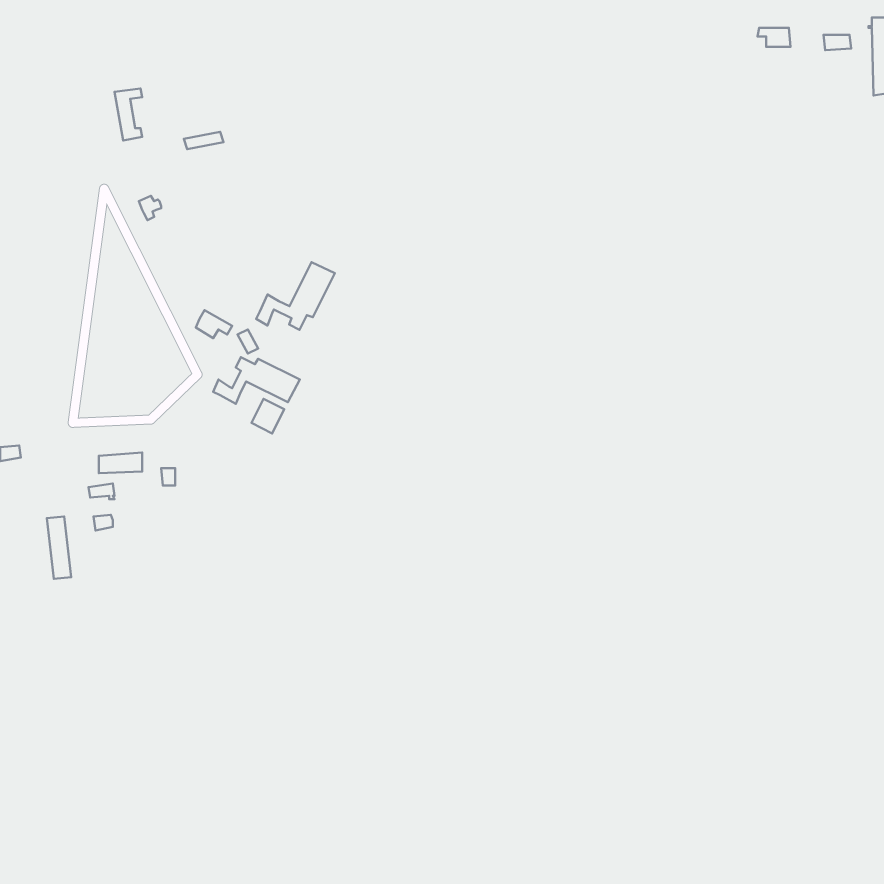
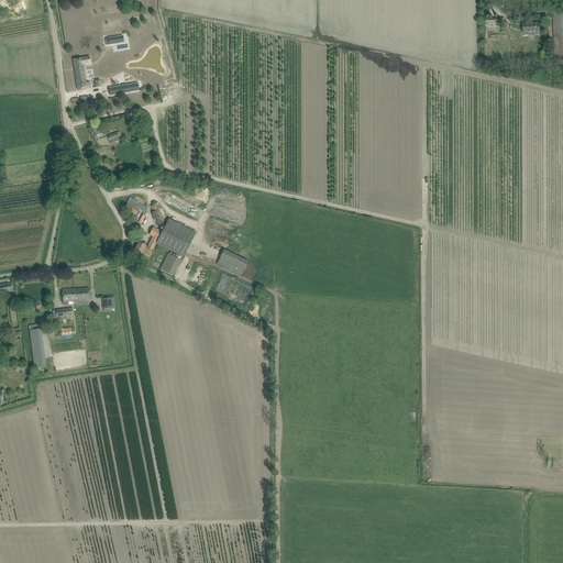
building: [256,262,335,330] -> none
building: none -> [218,249,250,274]

